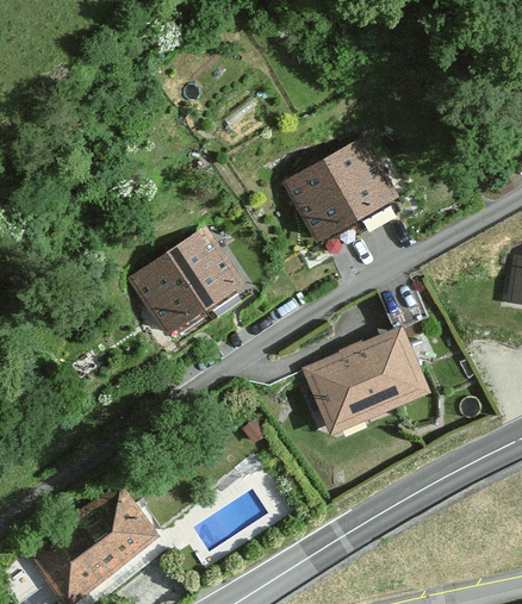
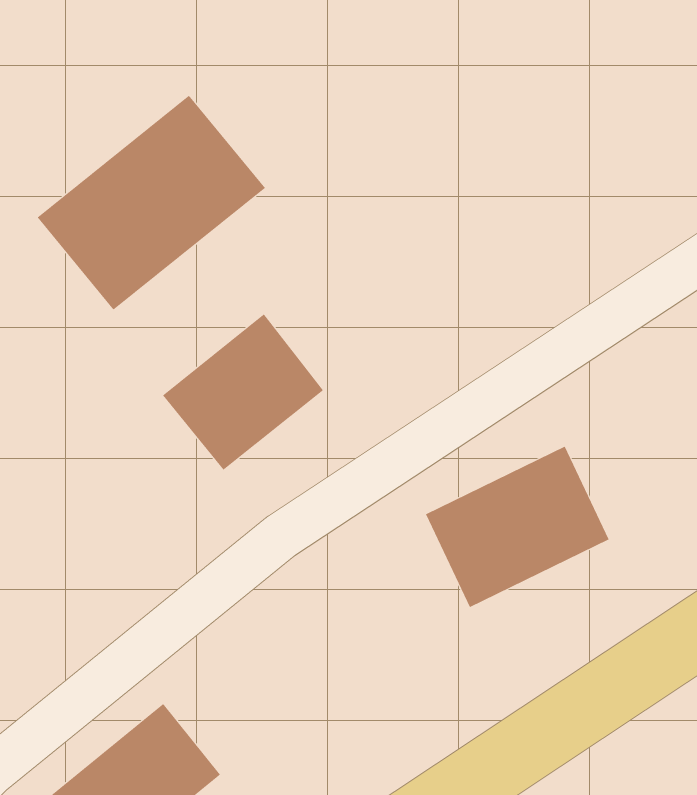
building: none -> [37,95,266,311]
building: [290,143,392,235] -> none

